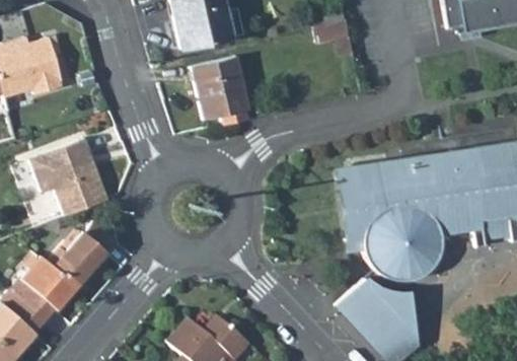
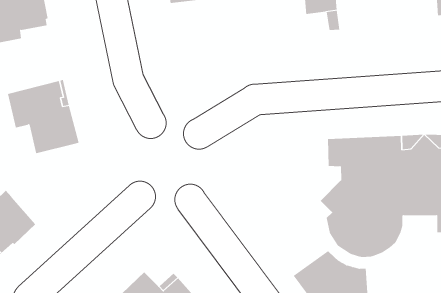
building: [194,57,250,125] -> none
building: [335,166,373,254] -> none
building: [47,221,116,286] -> none

